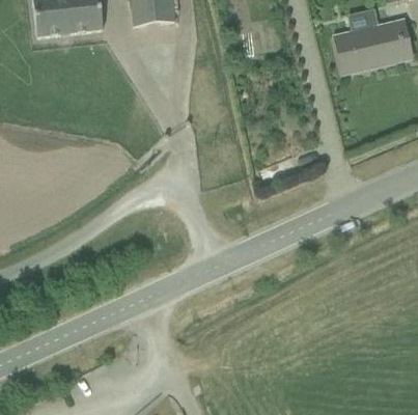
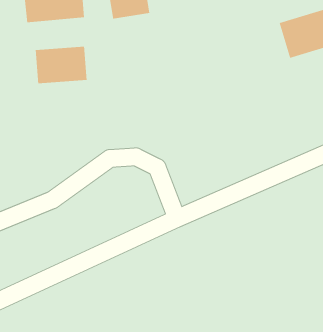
building: none -> [35,46,87,84]

